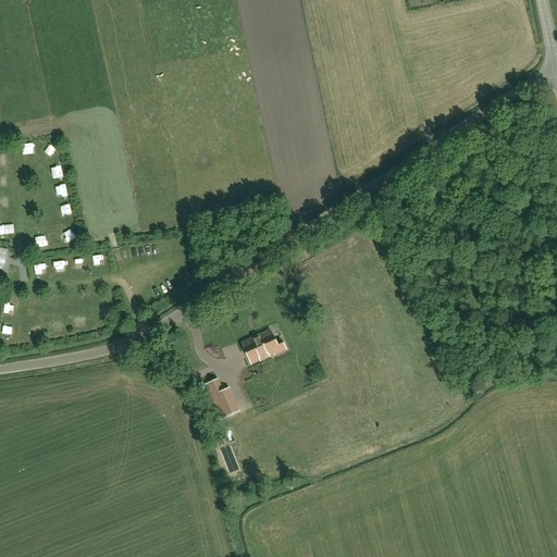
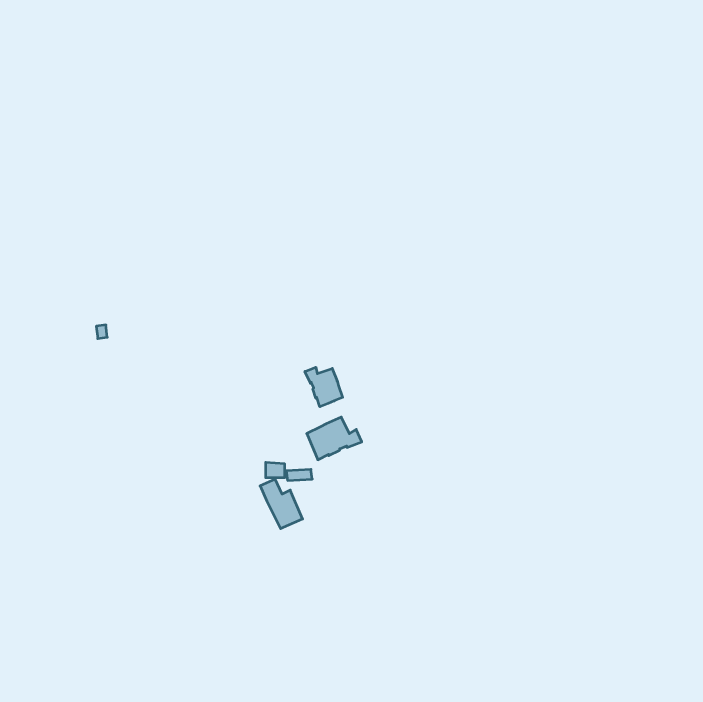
building: none -> [305,367,343,407]

